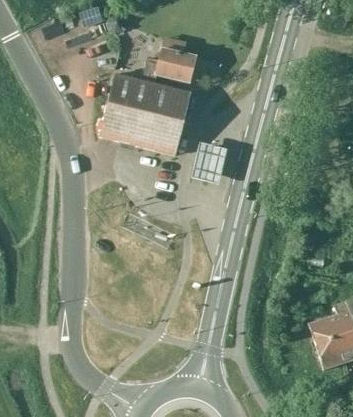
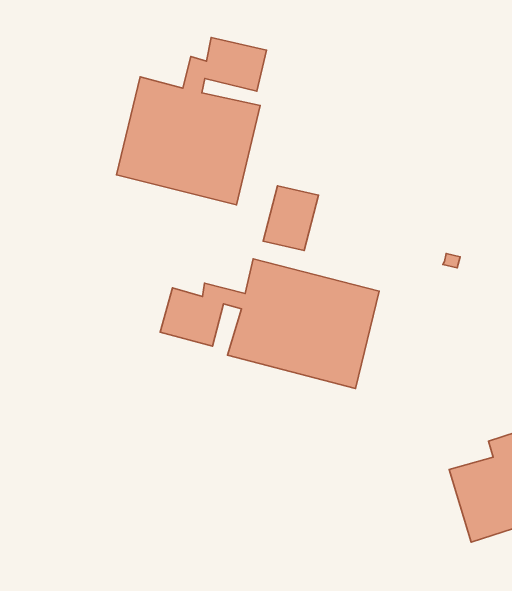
building: none -> [160,259,379,388]

